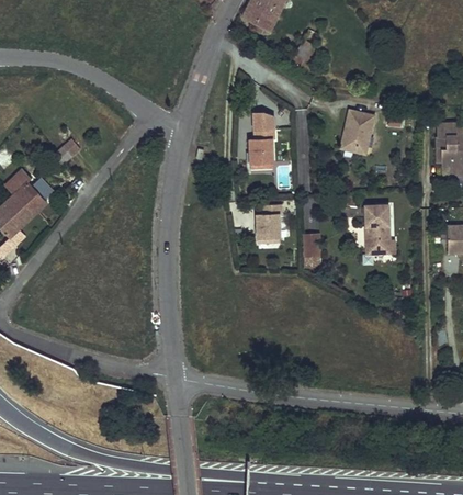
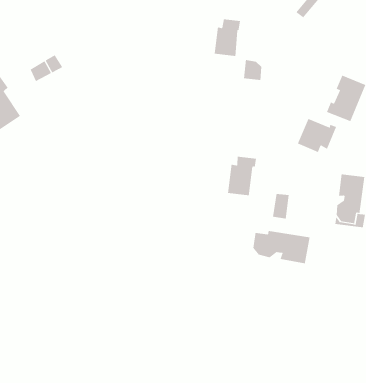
building: [250,128,273,165] -> [214,19,241,56]
building: none -> [297,118,337,153]
building: none -> [253,230,310,264]

